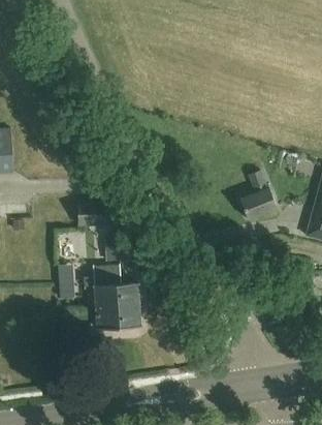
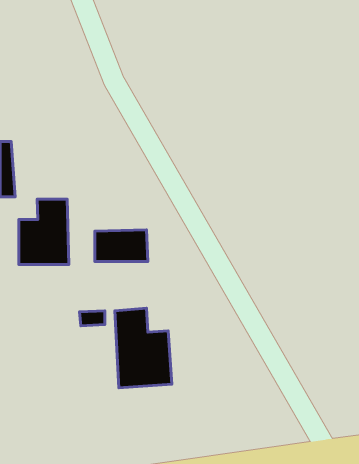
building: [239,171,277,220] -> none
building: none -> [19,199,69,264]

